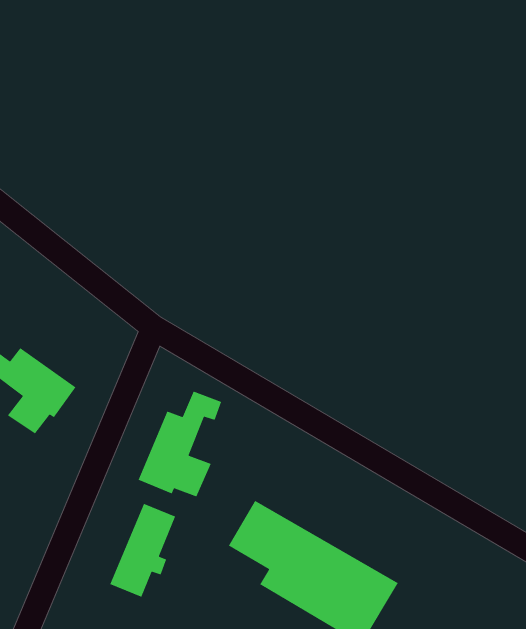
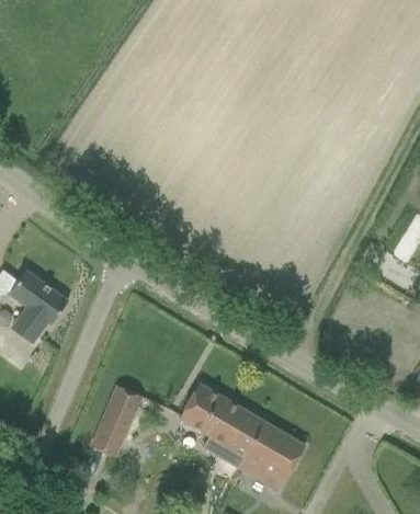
building: [138,390,222,498] -> none

